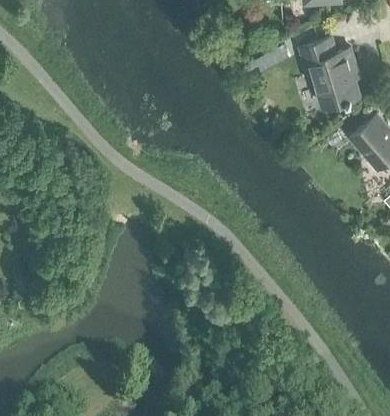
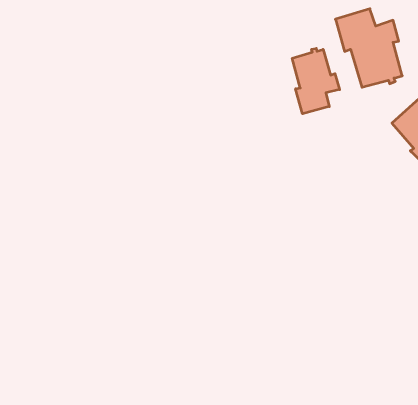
building: none -> [292,48,340,114]

